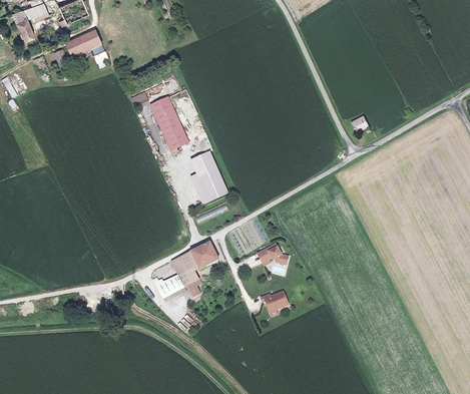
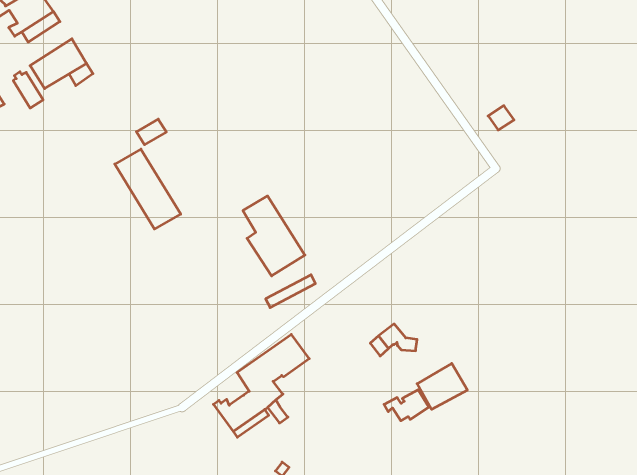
building: [150,98,187,150] -> [115,149,181,229]
building: none -> [417,363,467,409]

